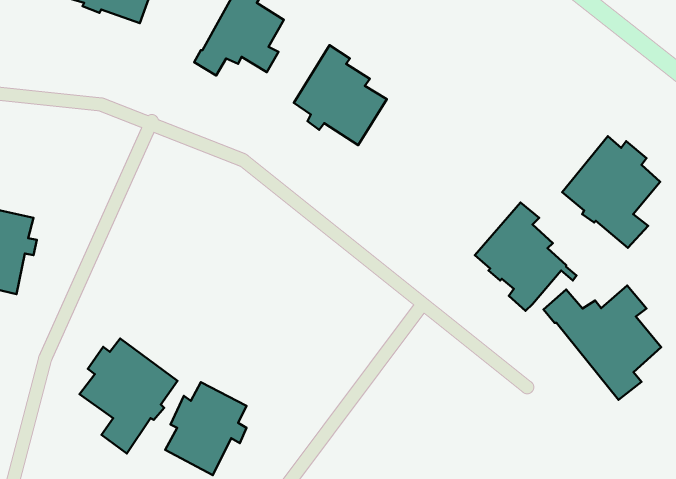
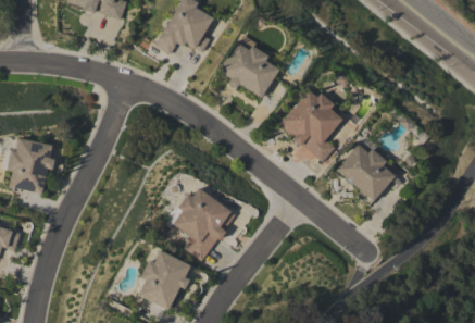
building: [562,136,660,248] -> [279,89,342,161]
building: [543,286,661,400] -> none
building: [79,338,178,454] -> [172,187,235,261]

